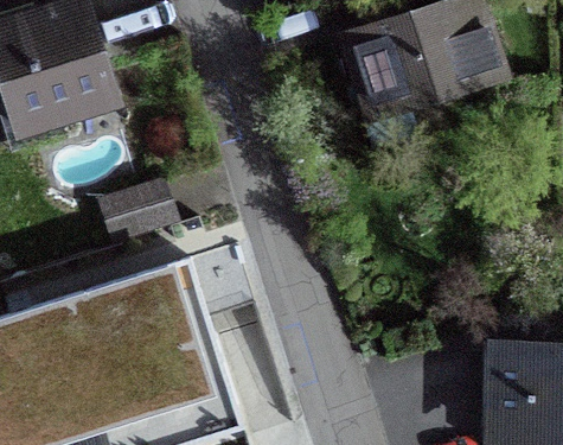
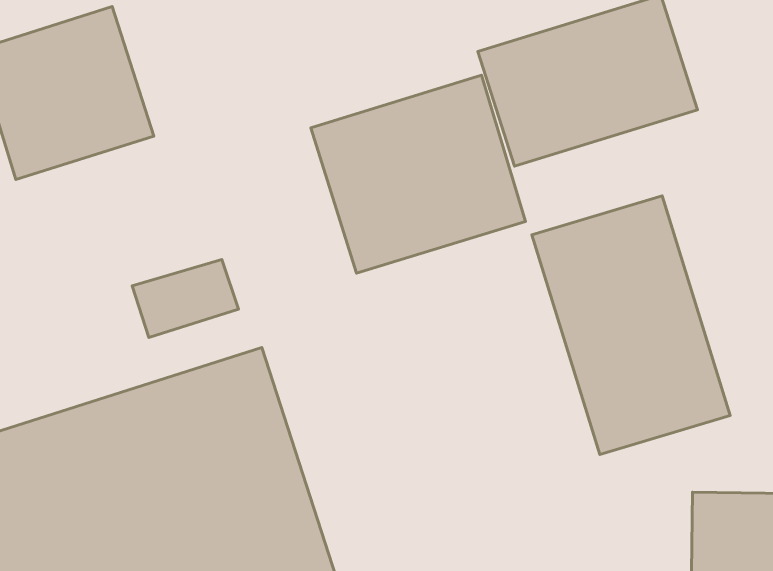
building: none -> [311,75,525,273]
building: none -> [532,196,730,455]

